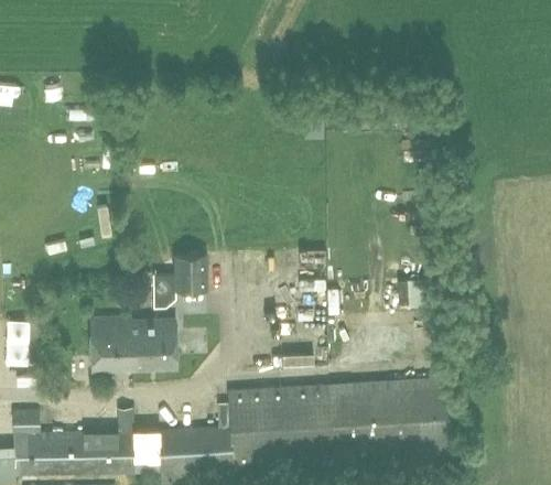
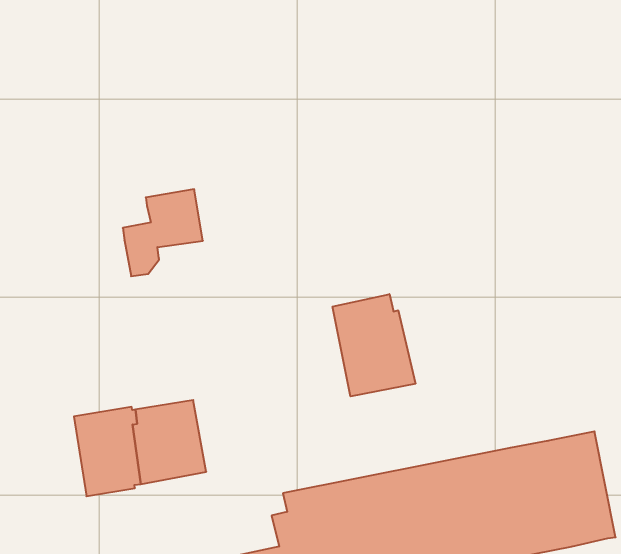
building: [152,250,206,304] -> [123,189,203,276]
building: none -> [333,294,415,396]

